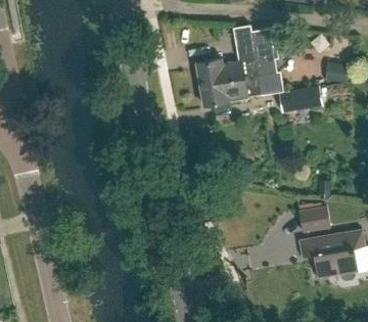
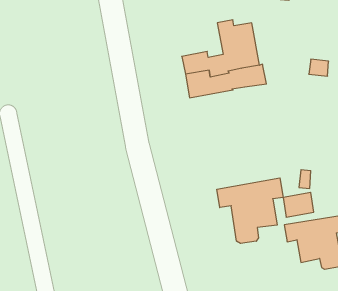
building: [279,86,322,111] -> none
building: none -> [217,178,283,243]

